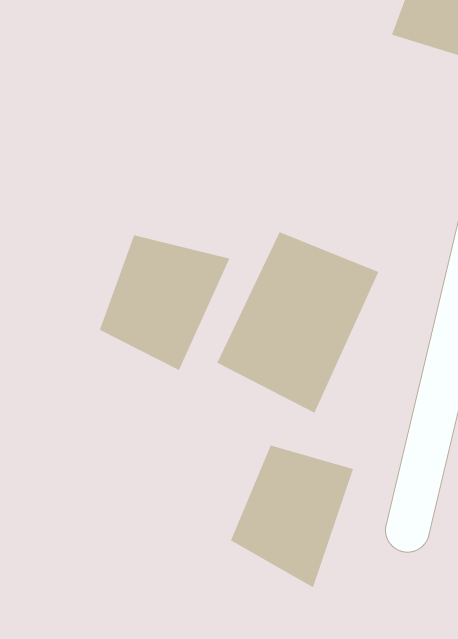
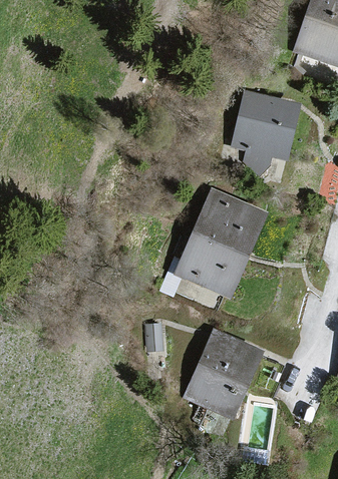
building: none -> [224,80,319,173]
building: [99,234,230,371] -> none

